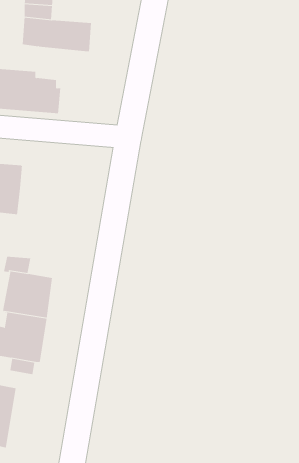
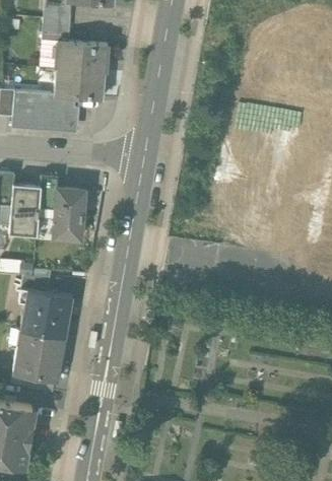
building: none -> [54,68,105,102]
building: none -> [39,175,84,236]

